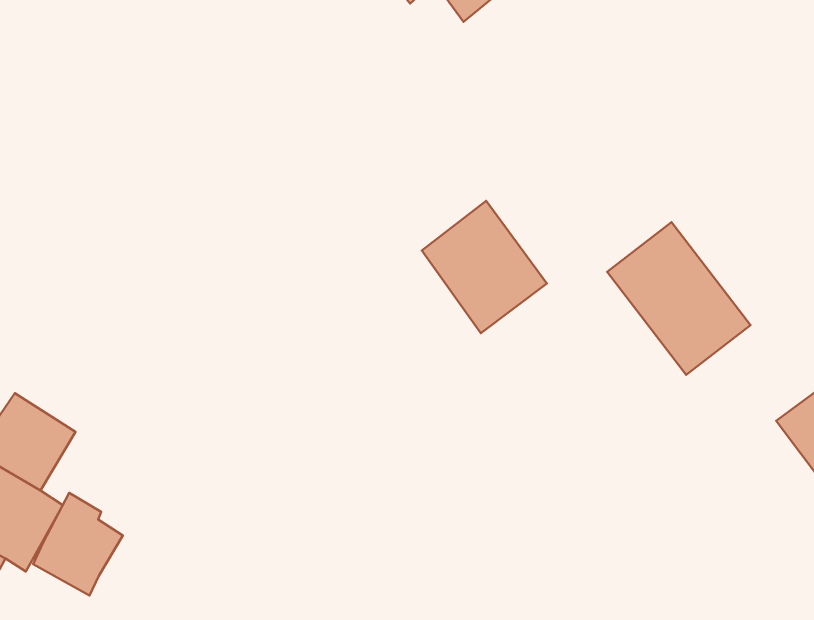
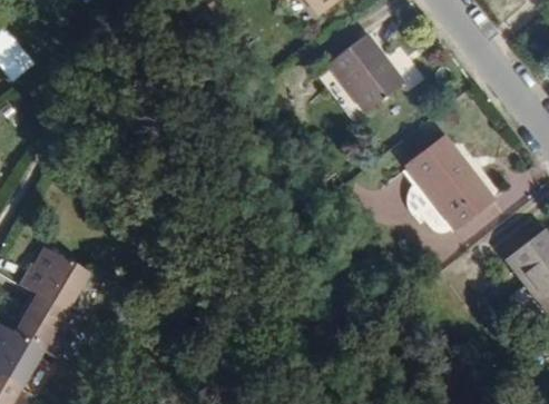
building: [422,201,547,333] -> [325,32,401,112]
building: [33,493,123,595] -> none

